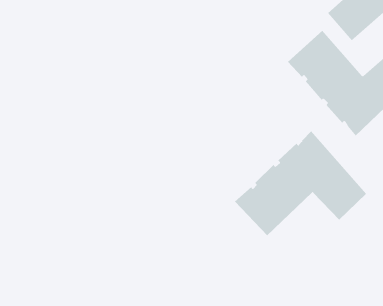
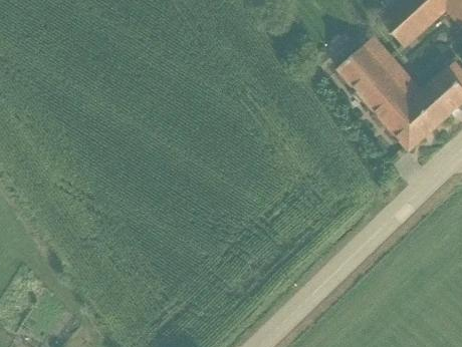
building: [234,131,367,236] -> none

